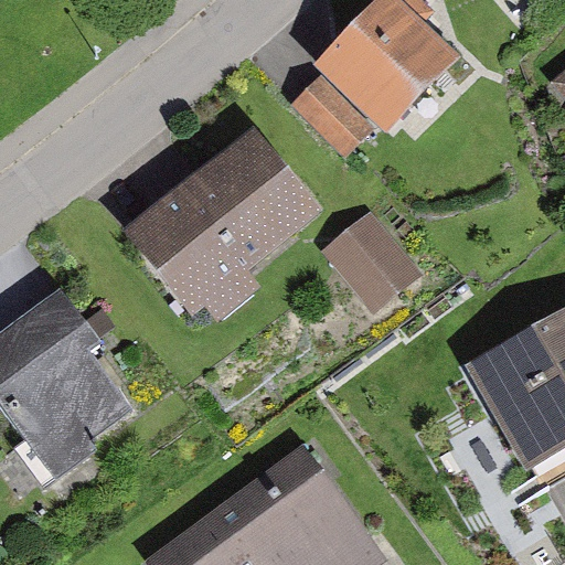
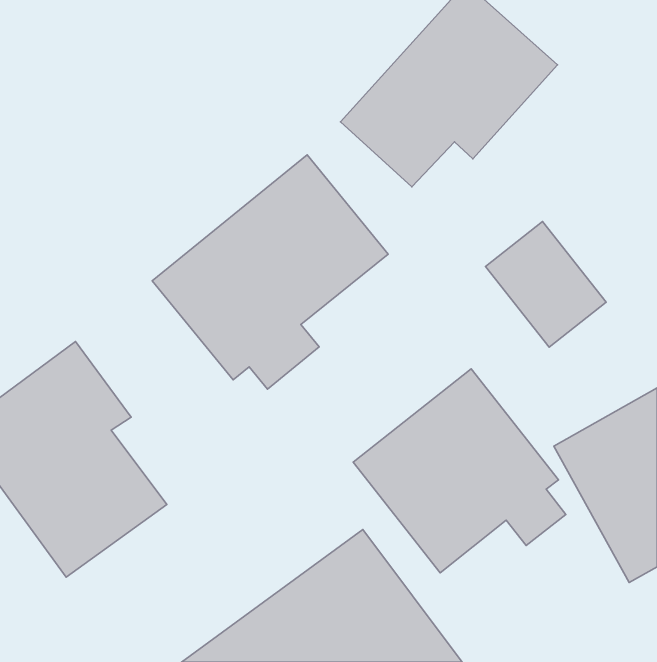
building: [318,210,418,315] -> [486,221,606,347]
building: none -> [353,369,566,573]

